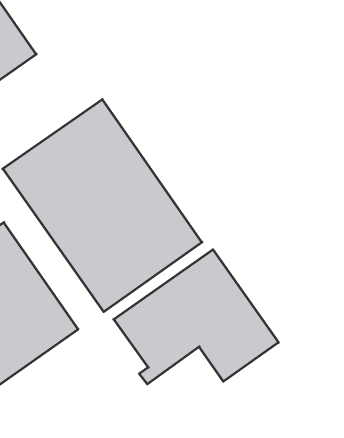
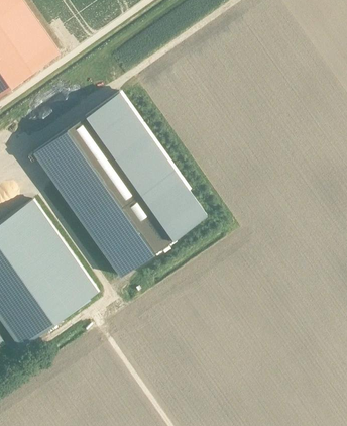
building: [114,250,278,384] -> none

